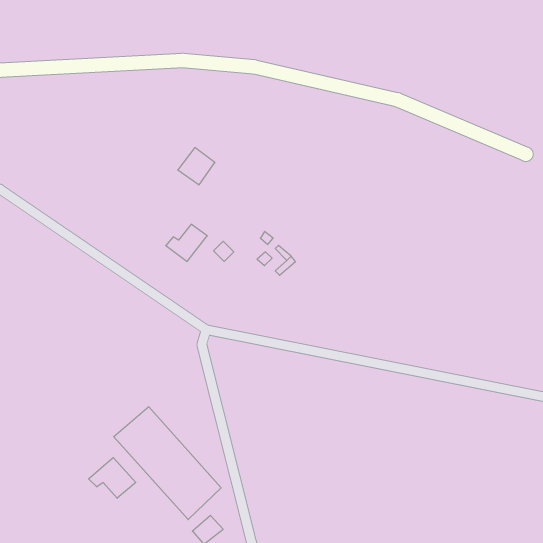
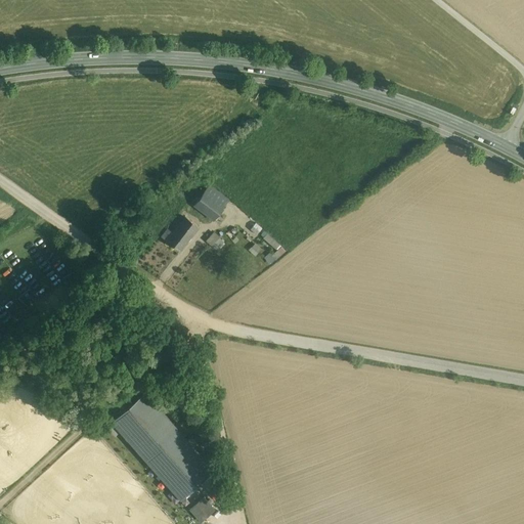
building: [178,148,215,185] -> [192,185,228,221]
building: [89,458,136,498] -> none

